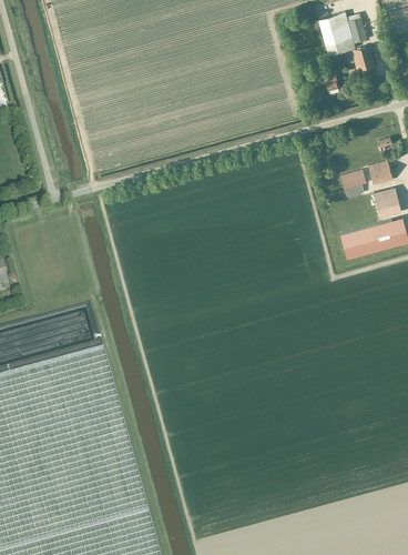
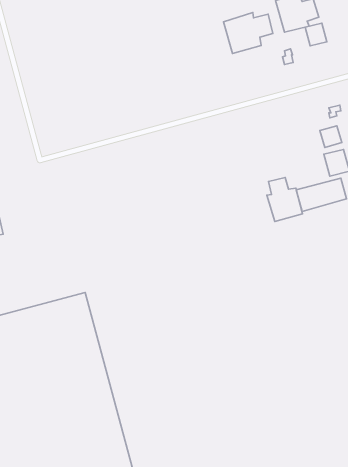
building: none -> [224,13,273,53]
building: [340,171,366,199] -> none
building: none -> [267,178,303,222]

